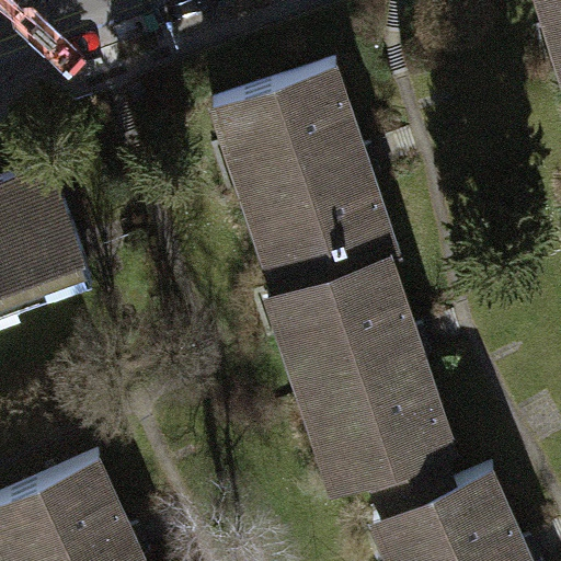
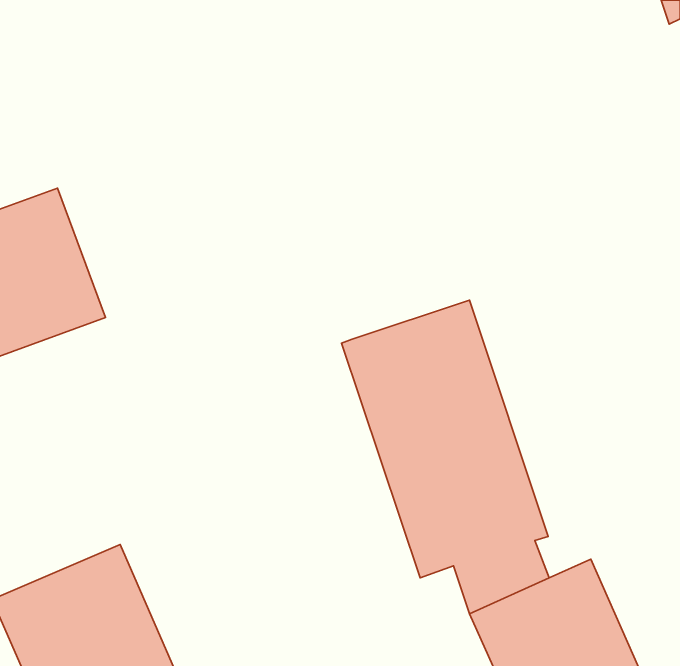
building: [217,69,396,291] -> none

